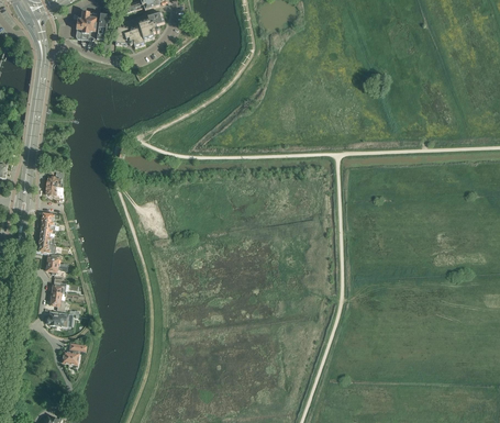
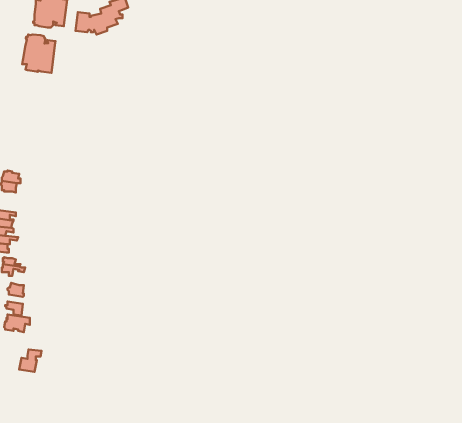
building: none -> [22,34,56,73]

